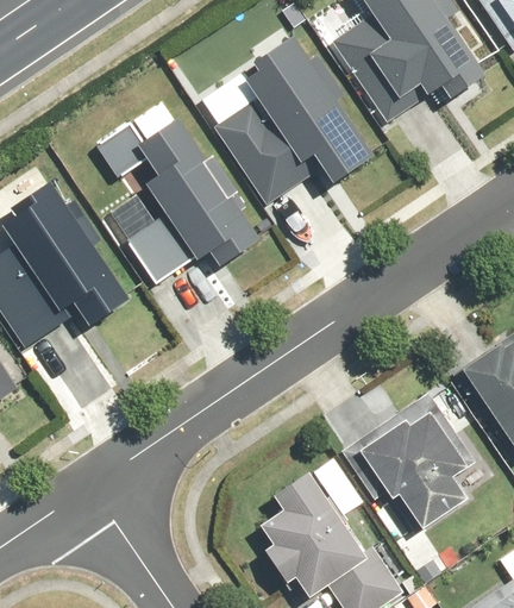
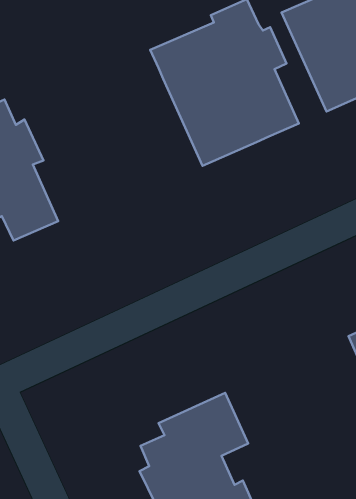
building: [96,114,257,288] -> none
building: [355,400,475,534] -> none

